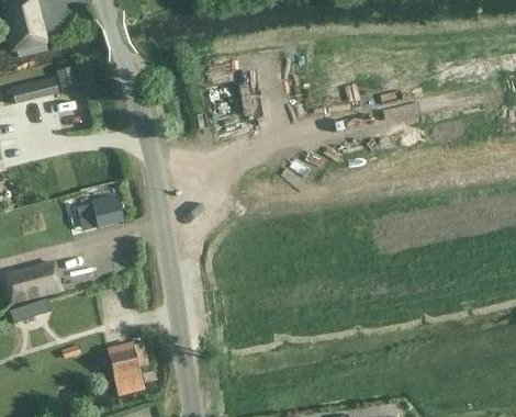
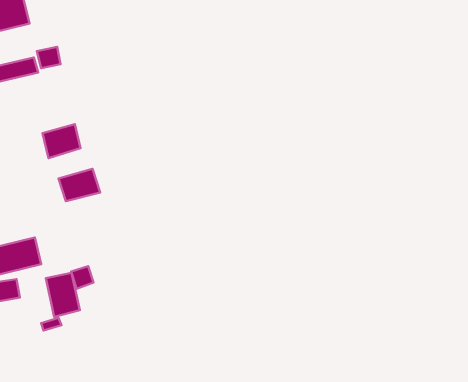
building: none -> [42,124,81,158]
building: [106,342,142,387] -> [46,273,80,317]

